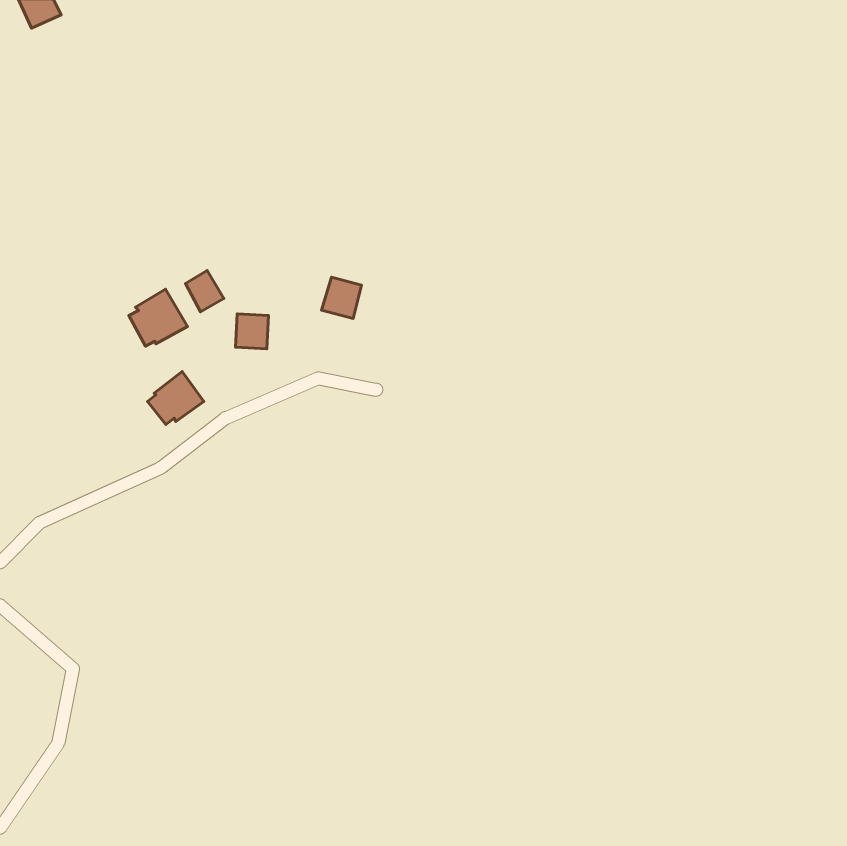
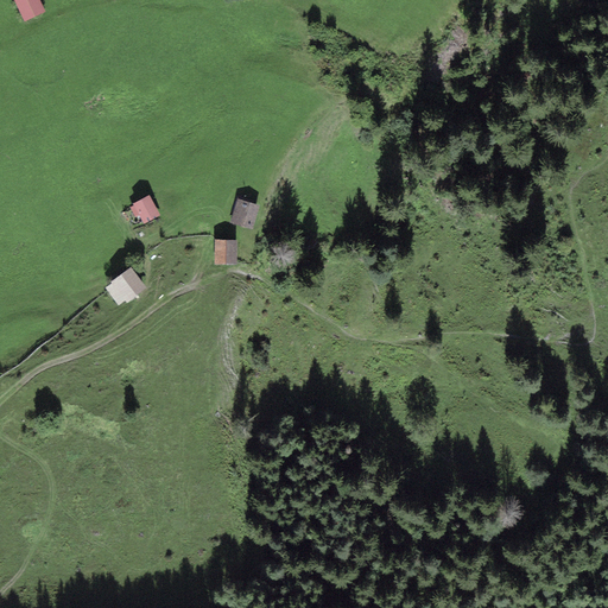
building: [129,289,188,346] -> none
building: [236,314,269,349] -> [214,239,238,264]

